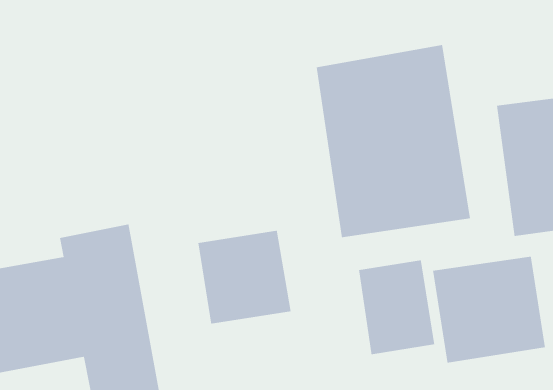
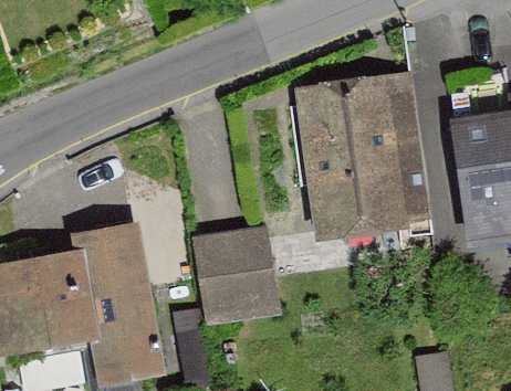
building: [432,256,546,364] -> none
building: [358,260,435,355] -> none

